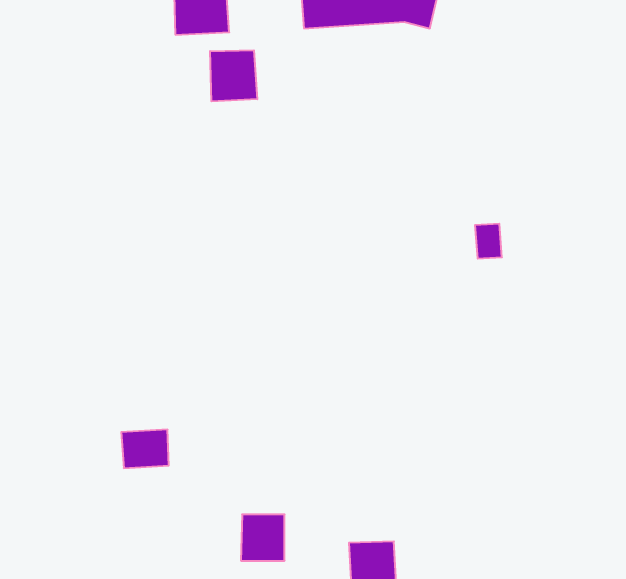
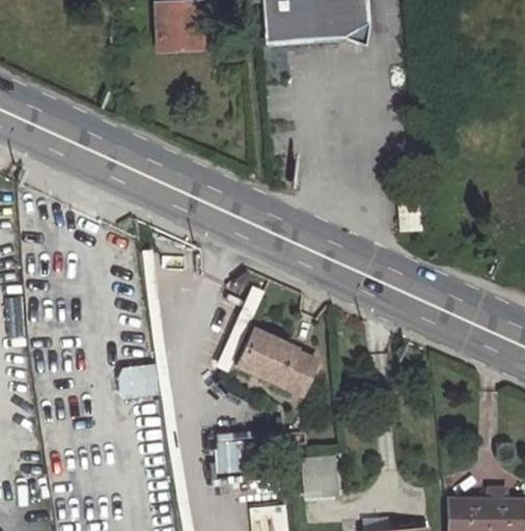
building: [210,50,257,101] -> none
building: none -> [240,331,319,394]

